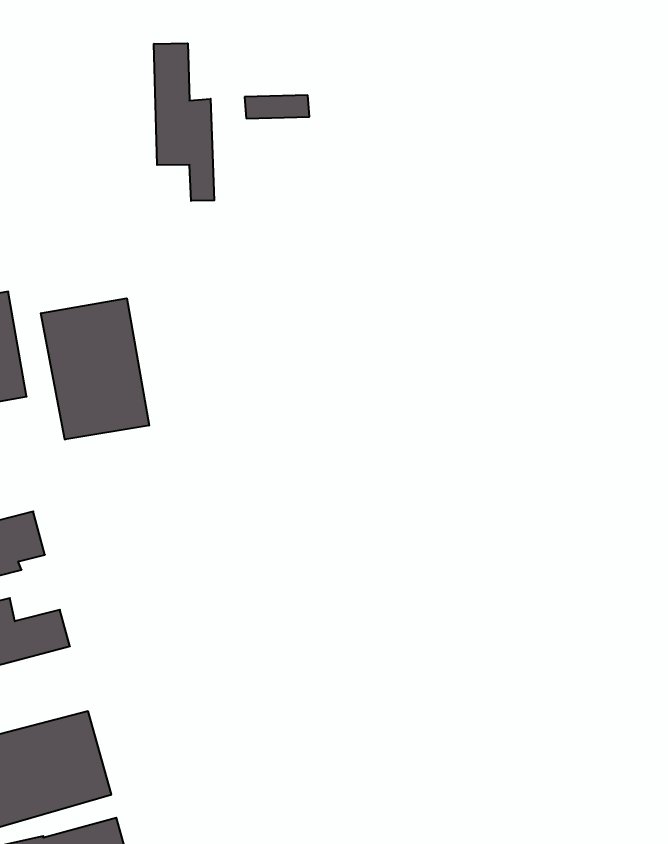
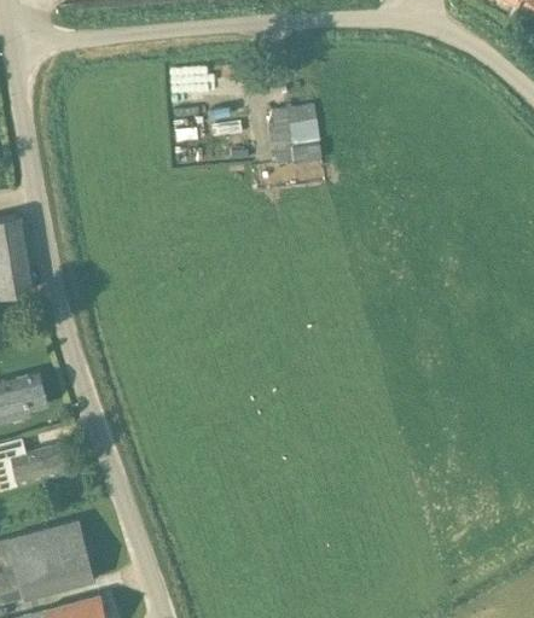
building: [154,43,214,201] -> none
building: none -> [266,104,320,163]
building: [41,298,149,440] -> none

